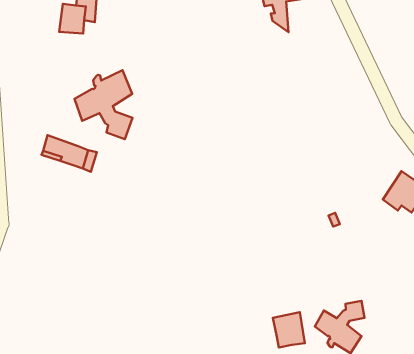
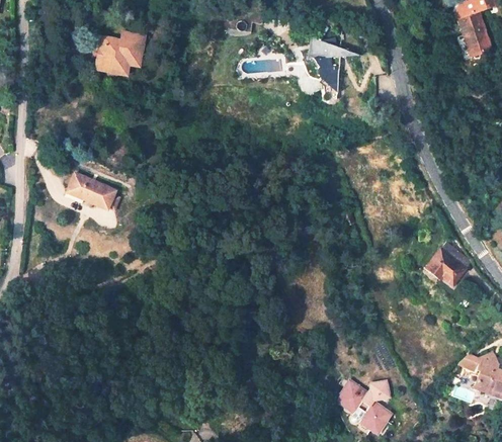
building: [75,70,132,139] -> none
building: [273,312,305,347] -> none

